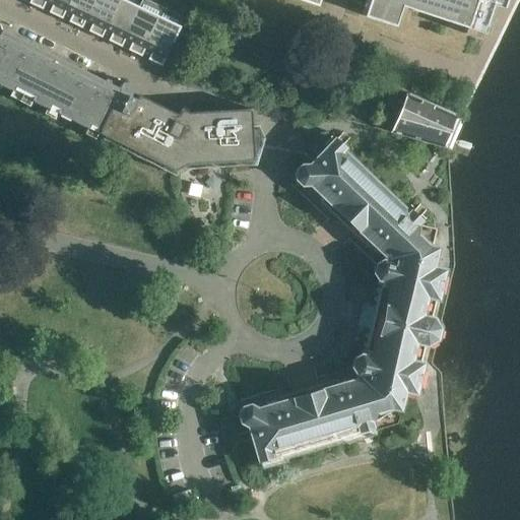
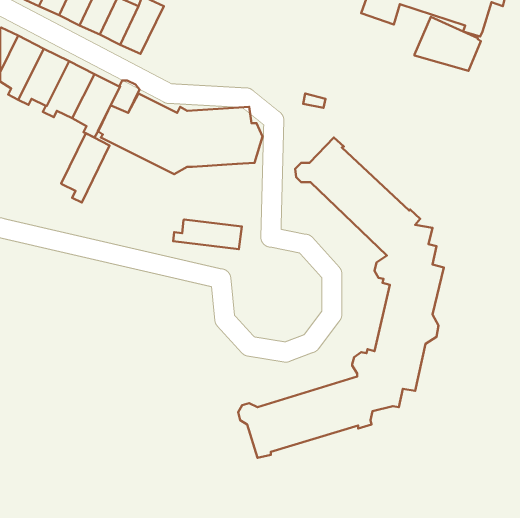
building: [140,6,183,63] -> none
building: [389,91,455,145] -> [415,17,481,71]
building: none -> [61,133,110,202]
building: none -> [173,220,242,249]

